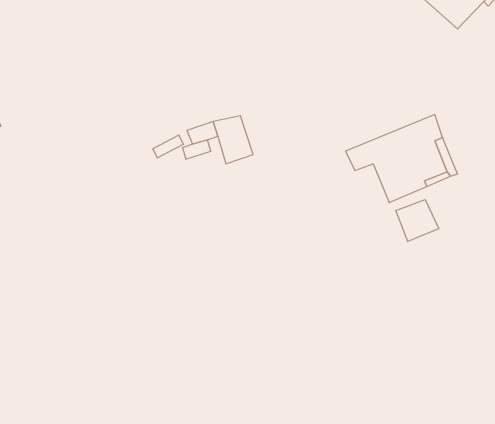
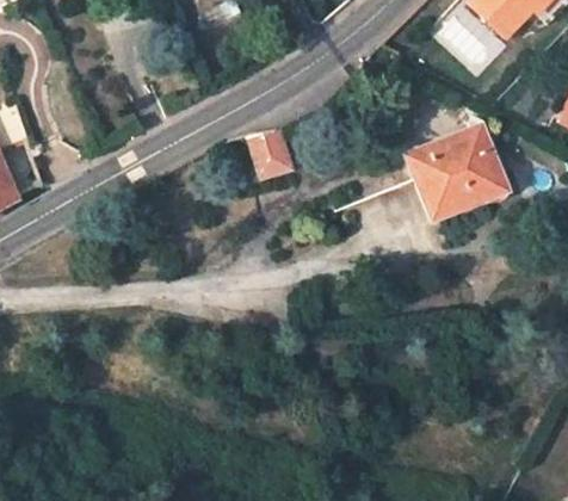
building: [396,200,439,242] -> none

